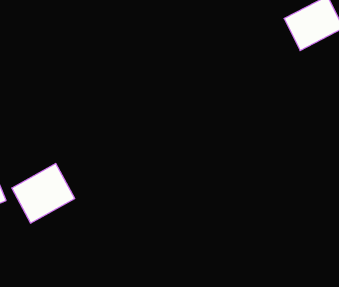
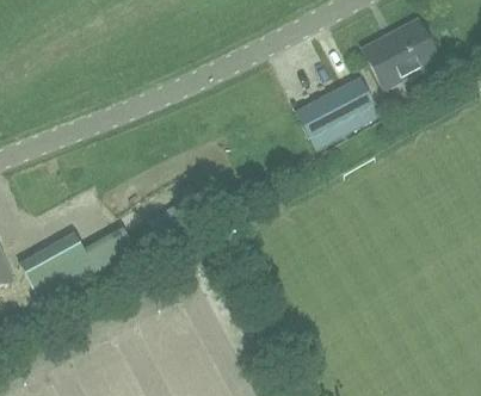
building: none -> [296,76,378,147]

